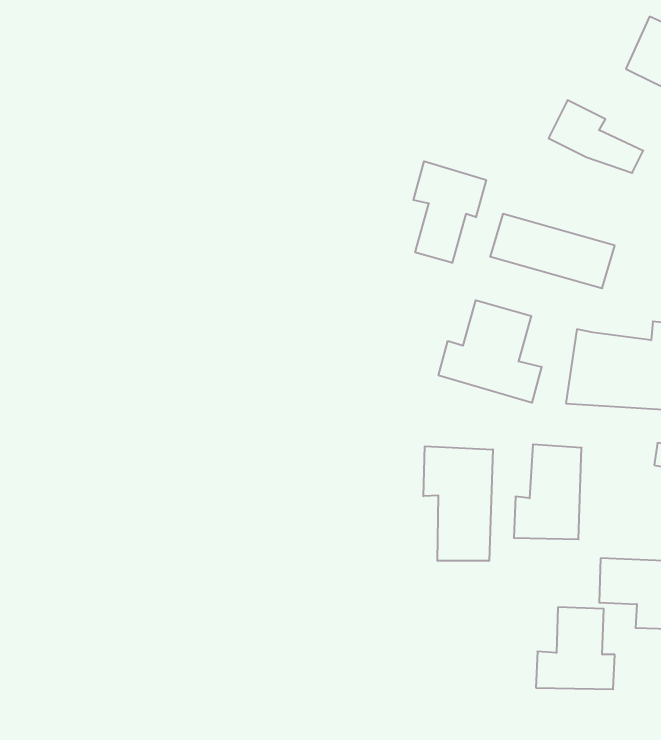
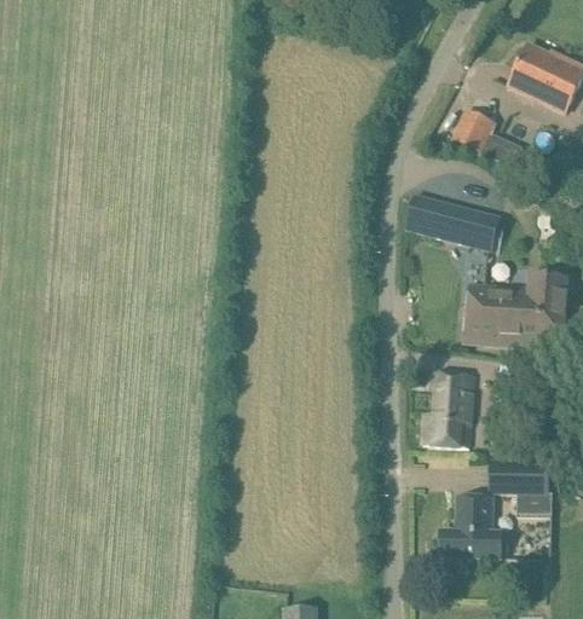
building: [413,161,486,263] -> none
building: [439,300,542,403] -> none
building: [423,446,493,561] -> none

